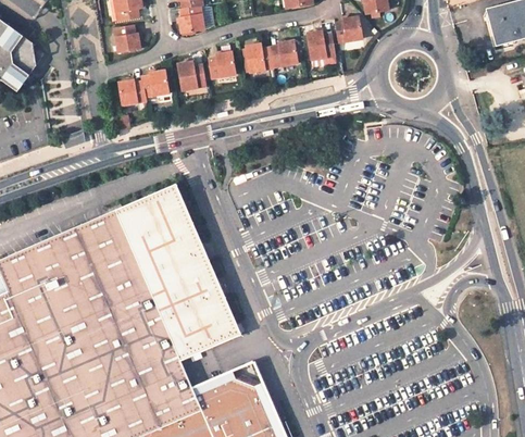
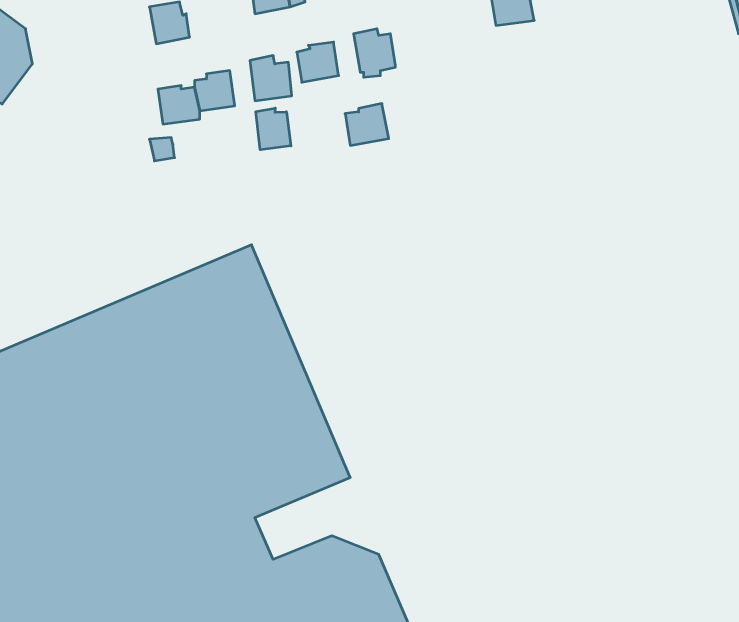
building: [307,29,335,58] -> none
building: [270,39,298,66] -> [345,104,389,145]
building: none -> [256,108,291,150]

